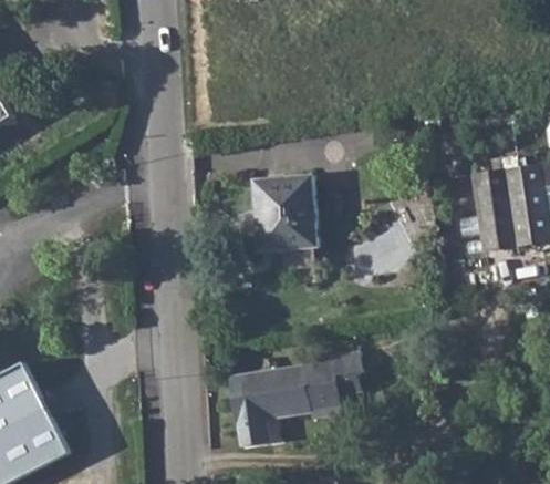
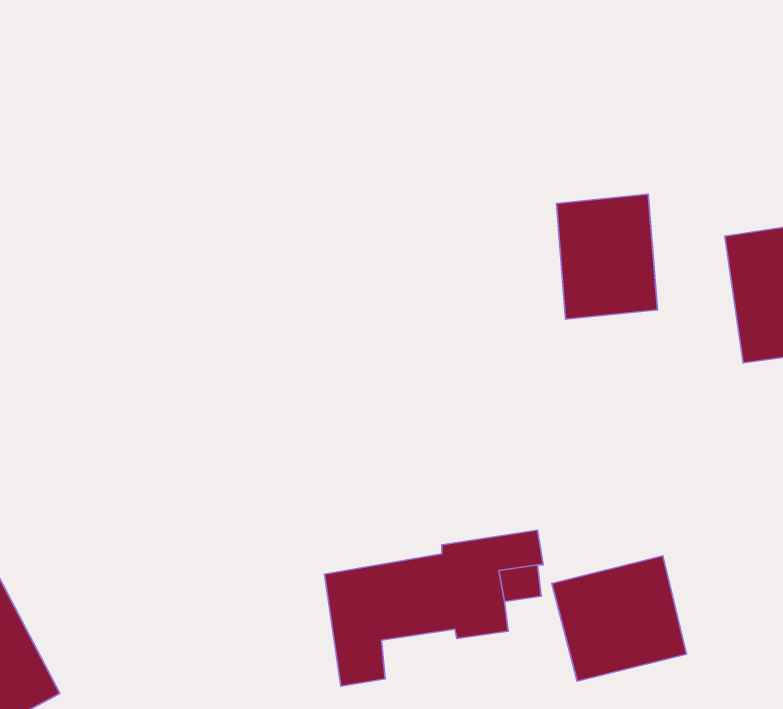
building: [257,176,318,251] -> [556,194,657,319]
building: none -> [552,556,686,681]

